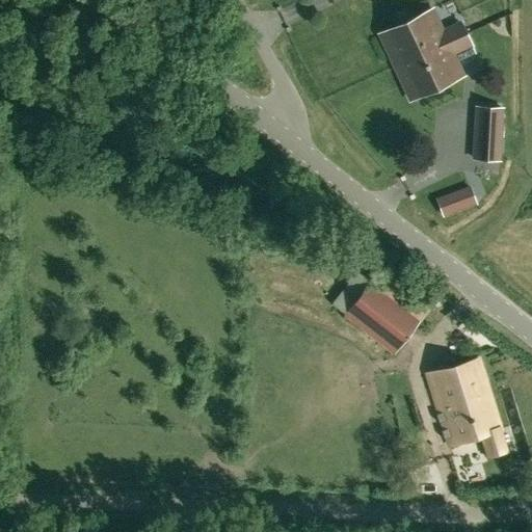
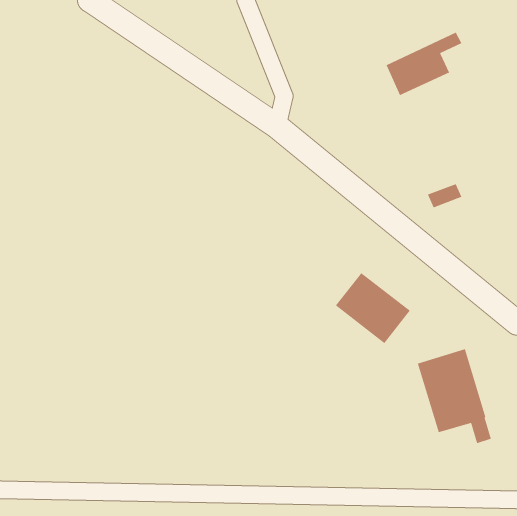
building: [380,10,469,68] -> none
building: [474,107,502,161] -> none

